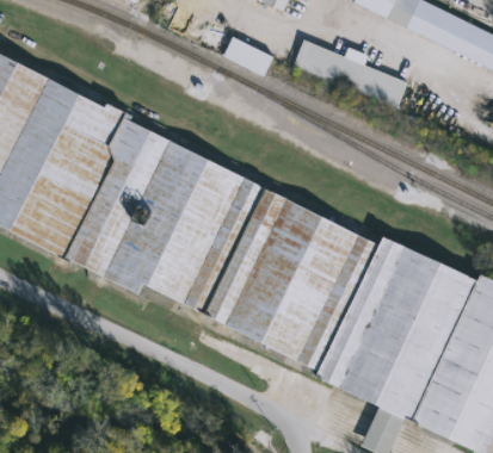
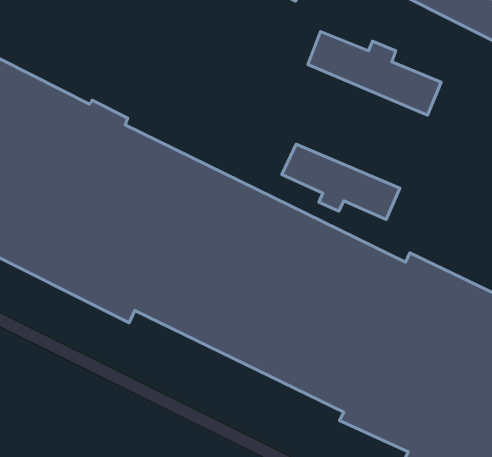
building: [221,35,272,74] -> none
building: none -> [282,144,400,219]

